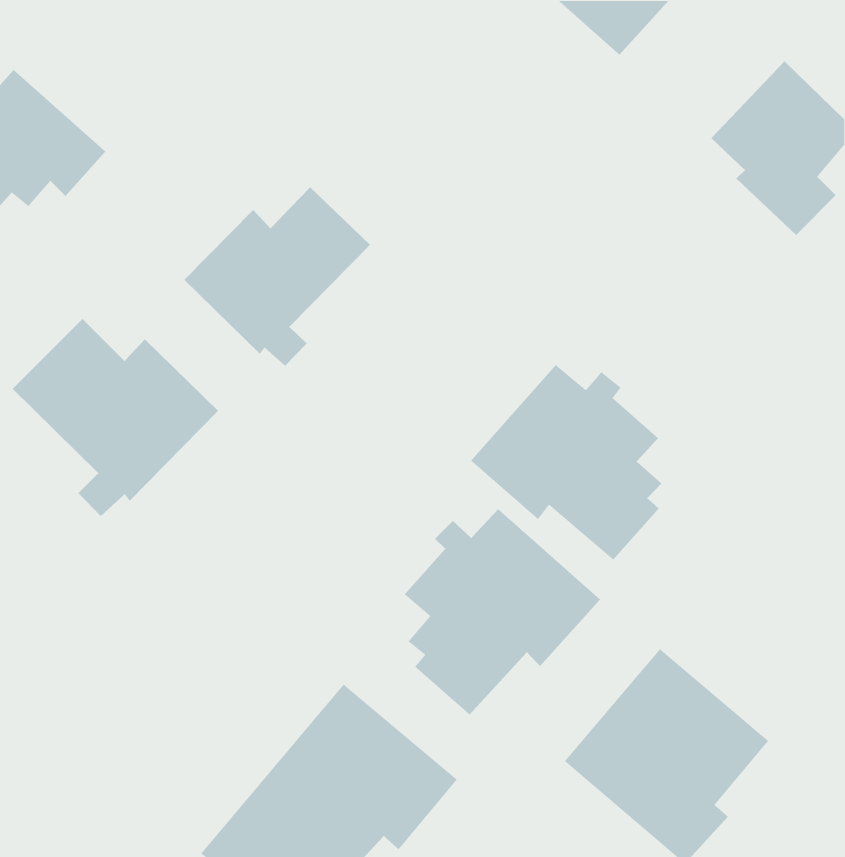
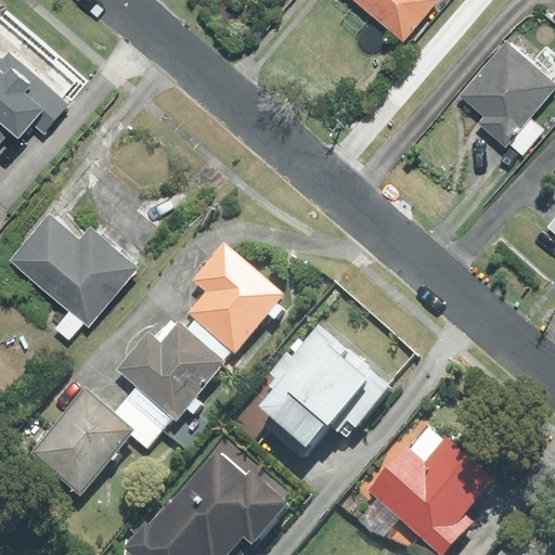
building: [184,186,371,366] -> none
building: [470,364,662,561] -> none
building: none -> [33,245,282,492]

